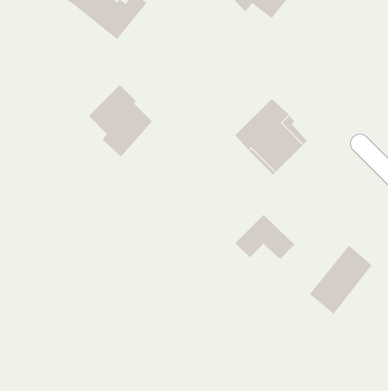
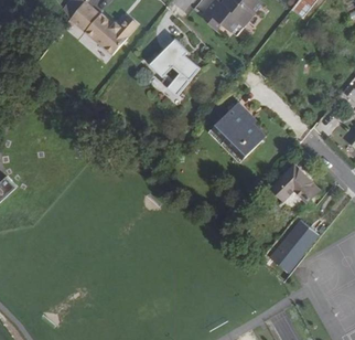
building: [88,84,153,157] -> [149,38,201,96]
building: [235,214,295,260] -> [270,163,319,200]

